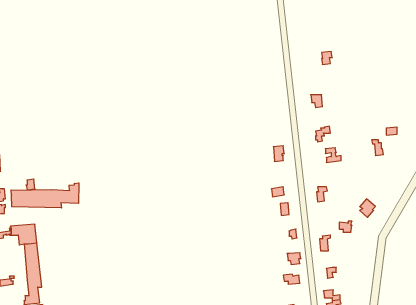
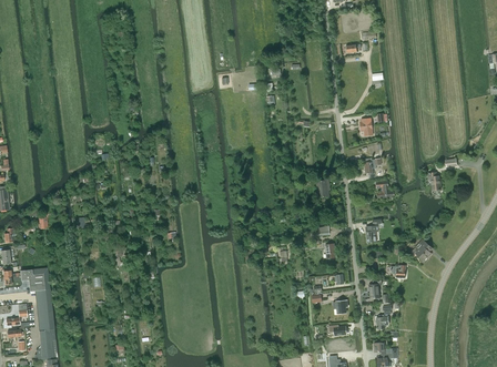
building: [11,183,79,208] -> none

